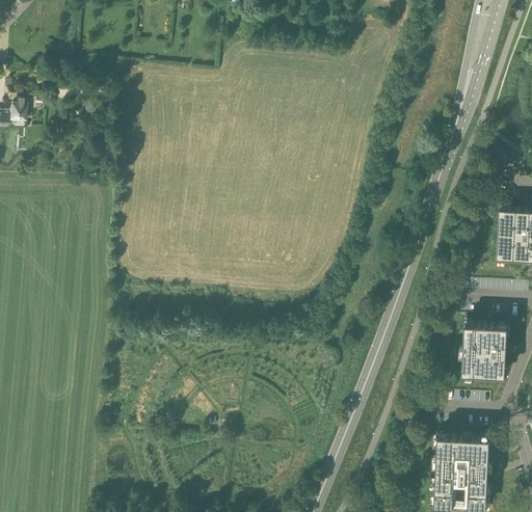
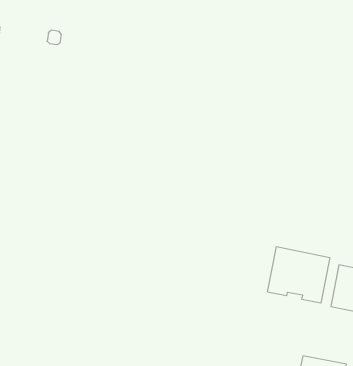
building: none -> [268,247,330,303]

